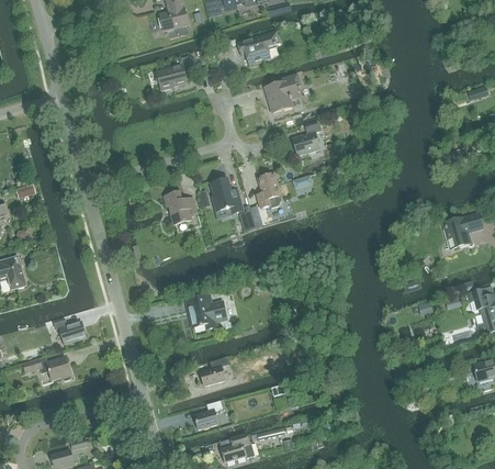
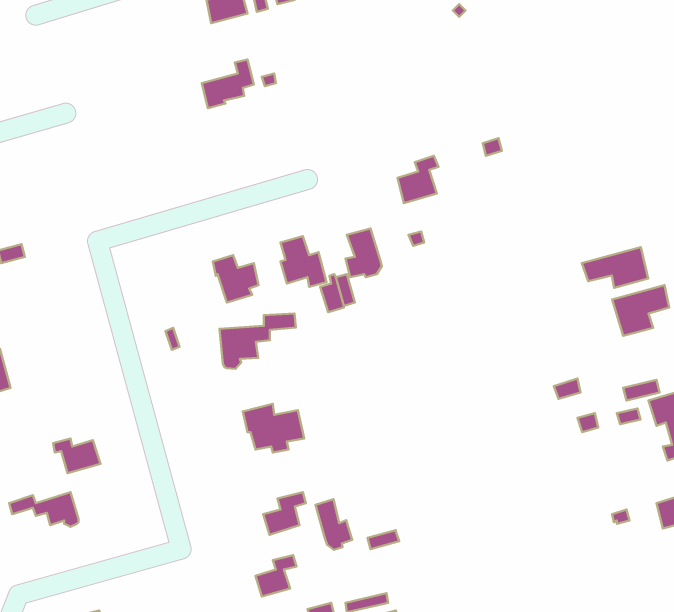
building: [238,31,280,64] -> none
building: [265,71,302,111] -> none
building: none -> [582,247,648,288]
building: none -> [220,313,296,369]
building: none -> [315,499,352,550]

